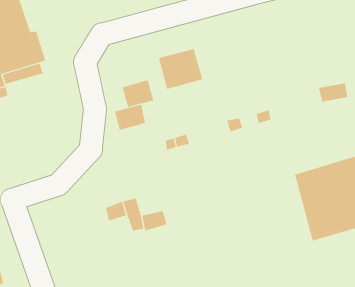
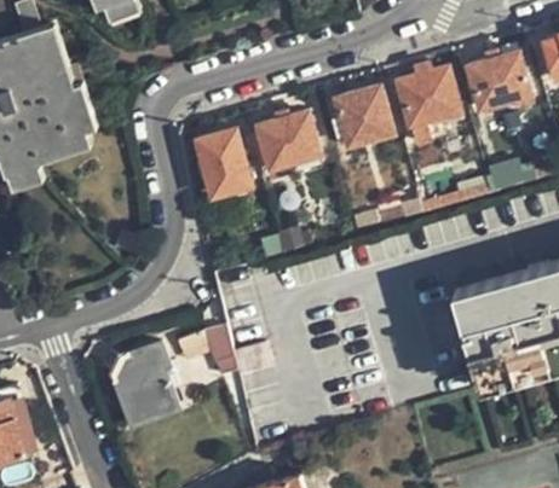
building: none -> [466,51,531,110]
building: none -> [397,66,460,145]
building: none -> [335,85,392,145]
building: [114,104,146,131] -> [196,128,242,167]
building: none -> [111,343,178,426]

